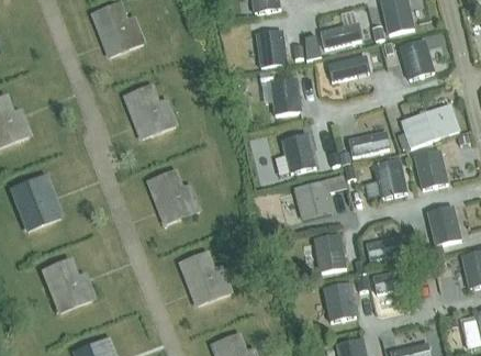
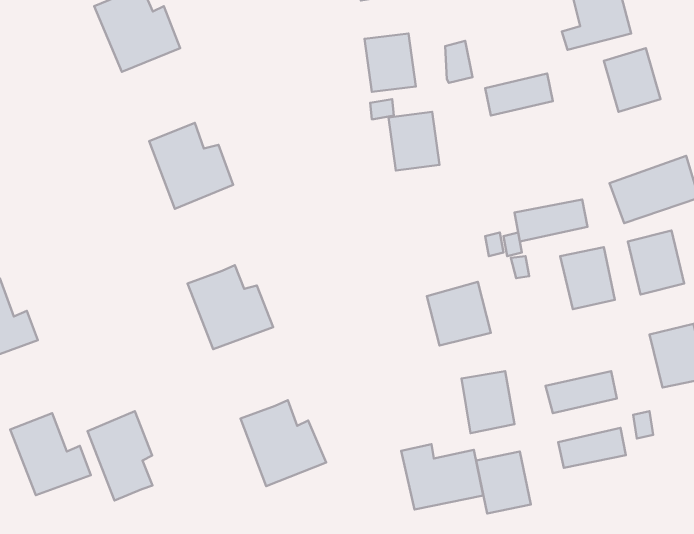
building: [320,22,362,48] -> none
building: [281,132,316,173] -> none
building: none -> [88,411,152,500]
building: none -> [401,444,483,510]

